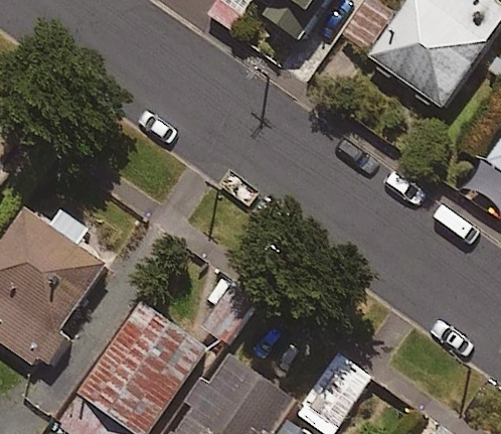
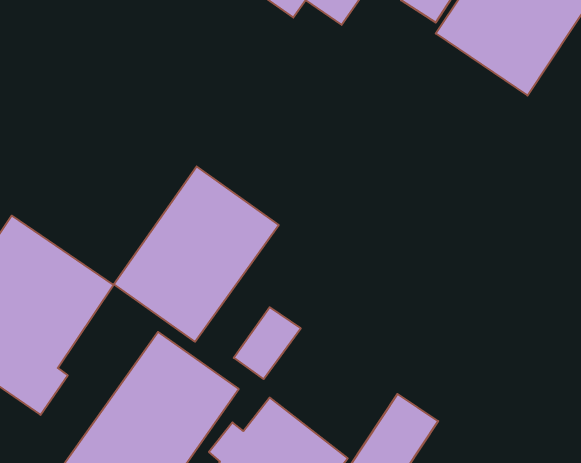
building: none -> [114,166,279,342]

